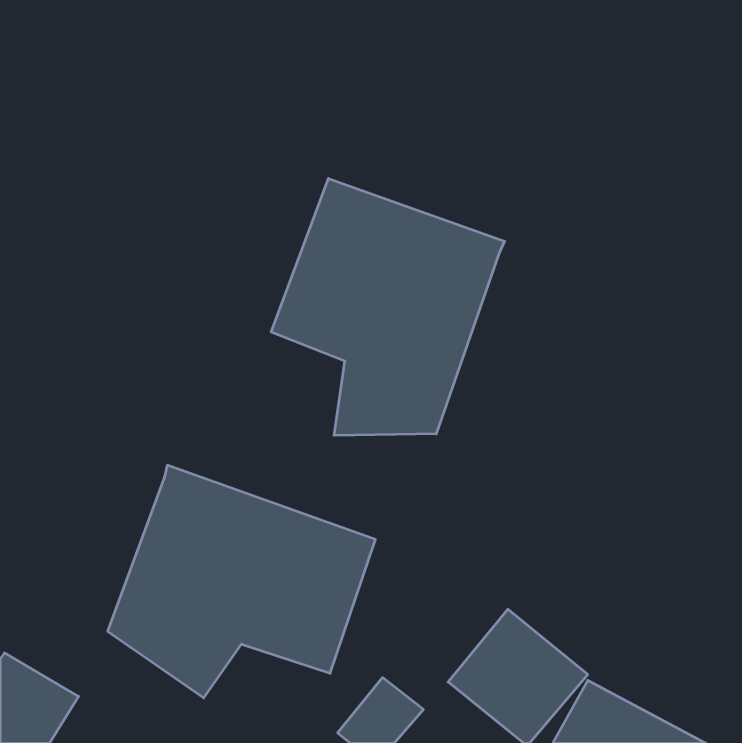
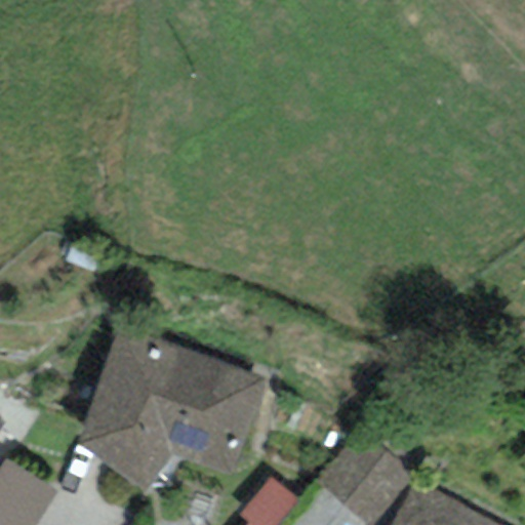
building: [271,178,505,435] -> none

